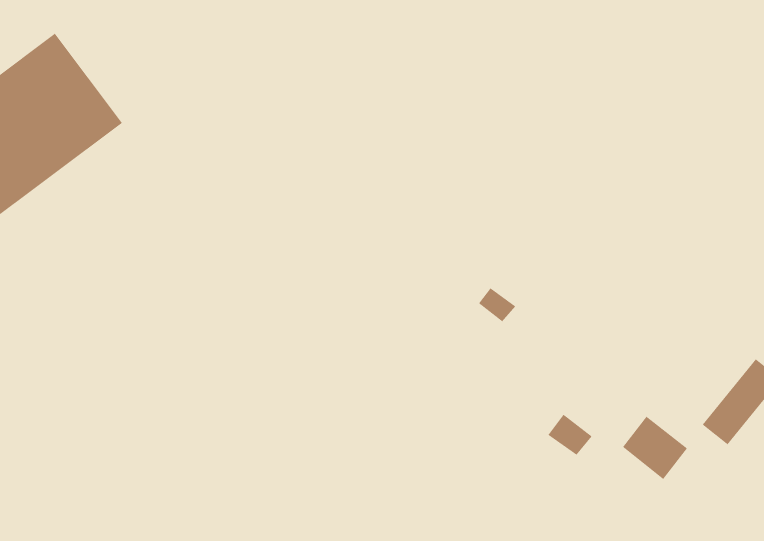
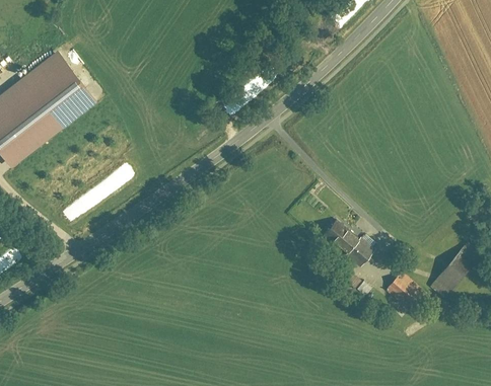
building: none -> [321,216,374,266]

